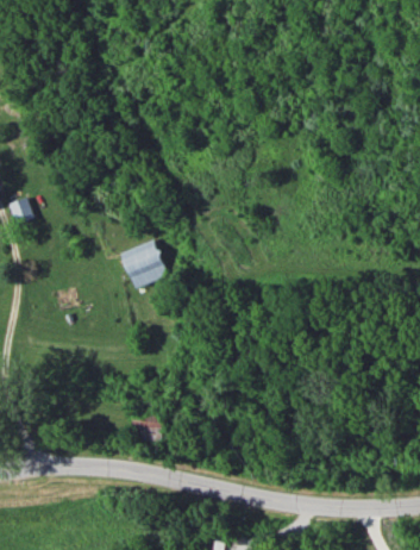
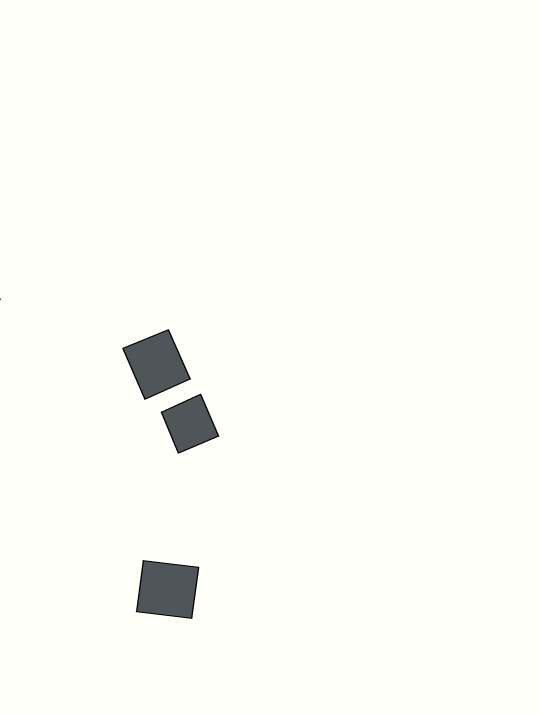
building: none -> [162,394,218,453]

